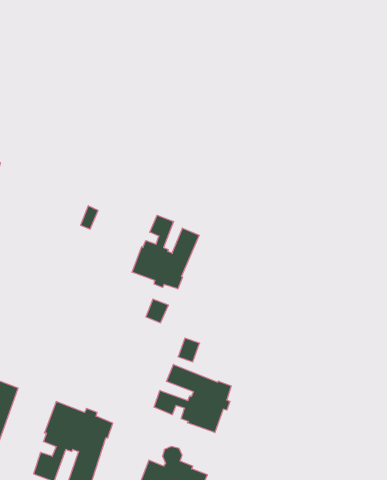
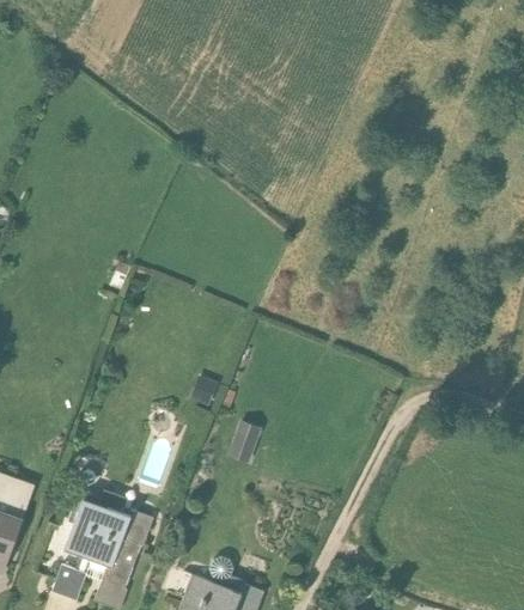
building: [132,215,199,289] -> none
building: [154,364,231,433] -> none

